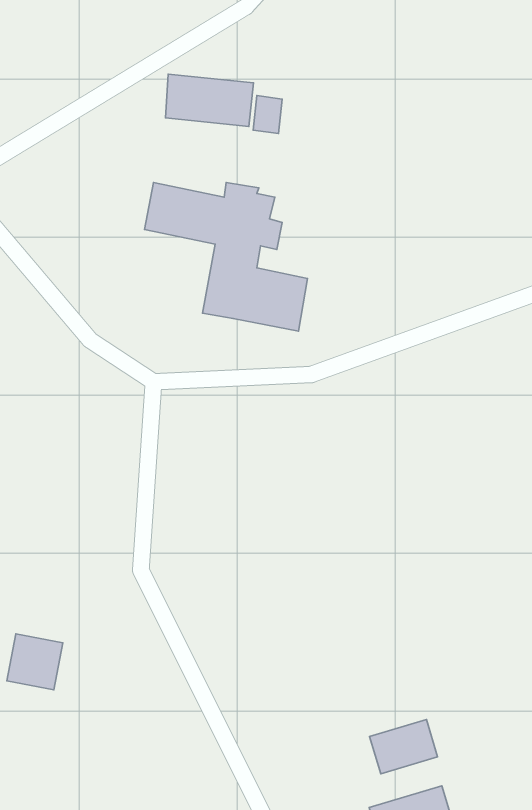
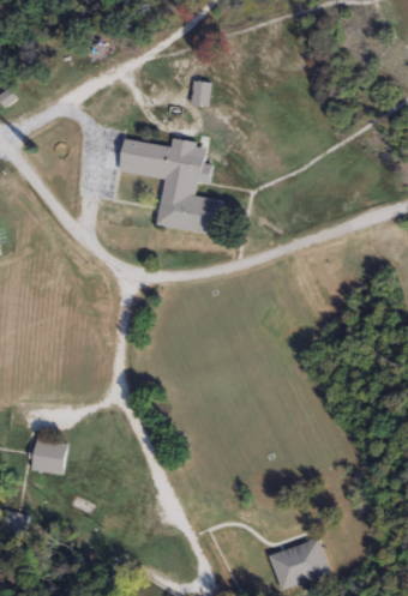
building: [165,74,253,127] -> none
building: [370,719,438,774] -> none

